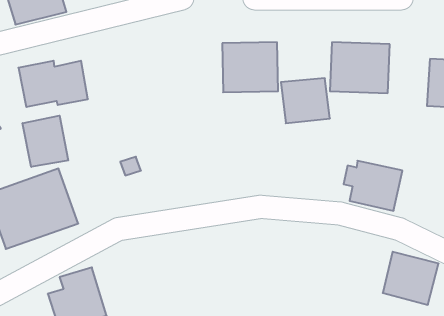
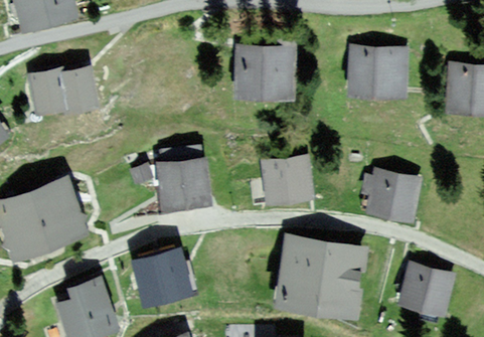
building: [281,78,330,123] -> [262,157,312,203]
building: [23,116,68,167] -> none
building: none -> [157,159,209,206]
building: none -> [275,236,366,317]
building: none -> [132,250,189,303]

